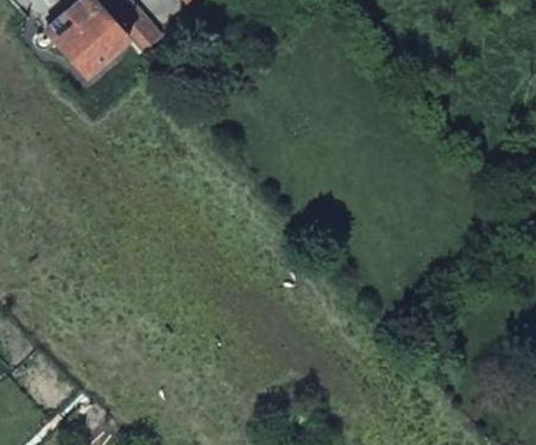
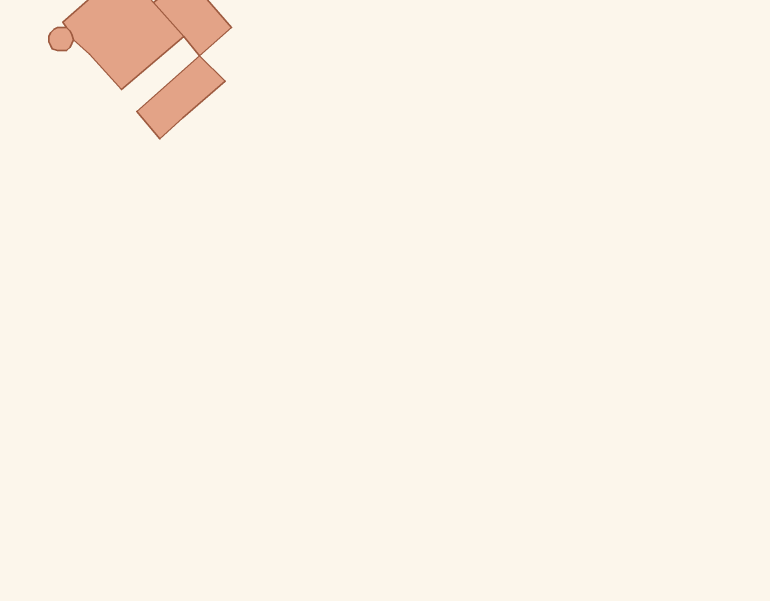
building: none -> [137,56,225,139]

